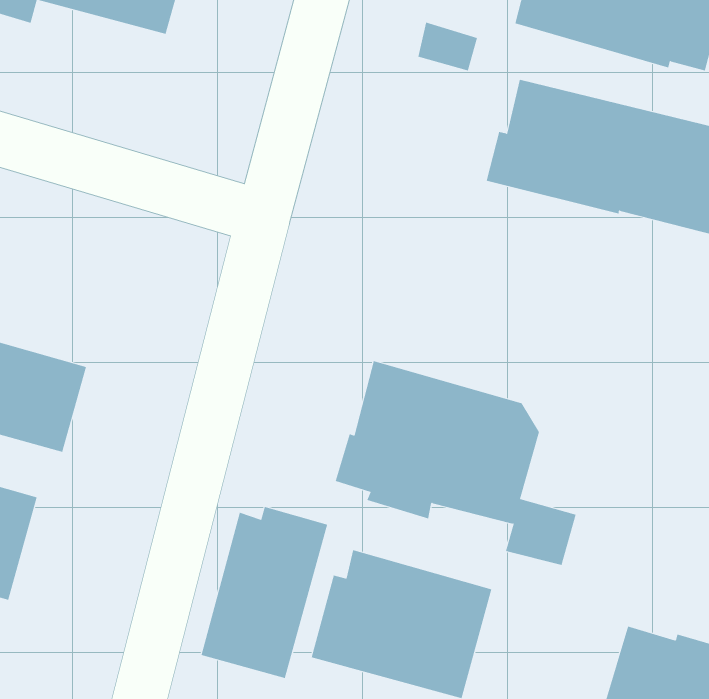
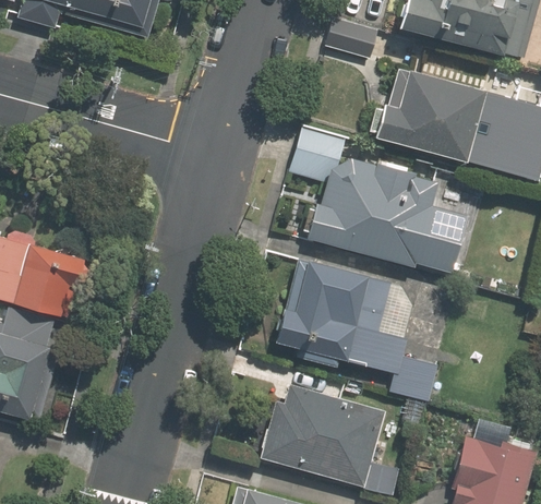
building: none -> [292,129,464,272]
building: [201,506,328,679] -> none

